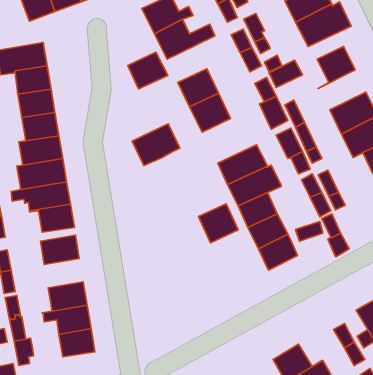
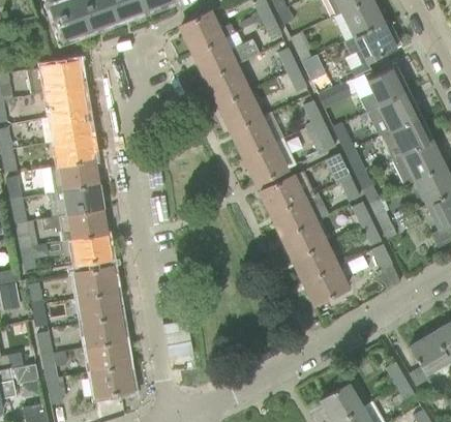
building: [128,52,168,89] -> [208,65,250,104]
building: none -> [368,91,419,133]
building: [132,124,180,166] -> [245,139,296,183]
building: [198,204,238,243] -> none
building: none -> [78,292,119,323]

